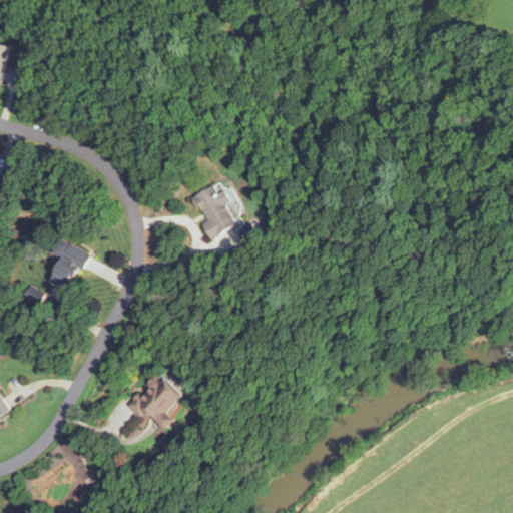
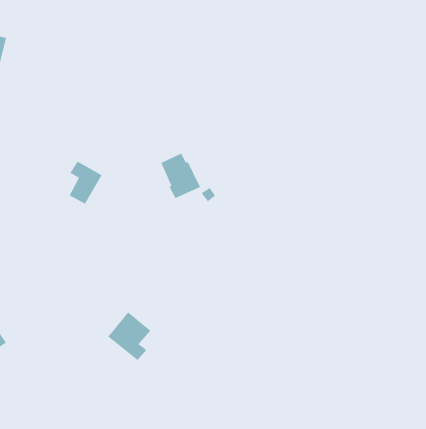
building: [48,237,88,290] -> [69,161,102,205]

